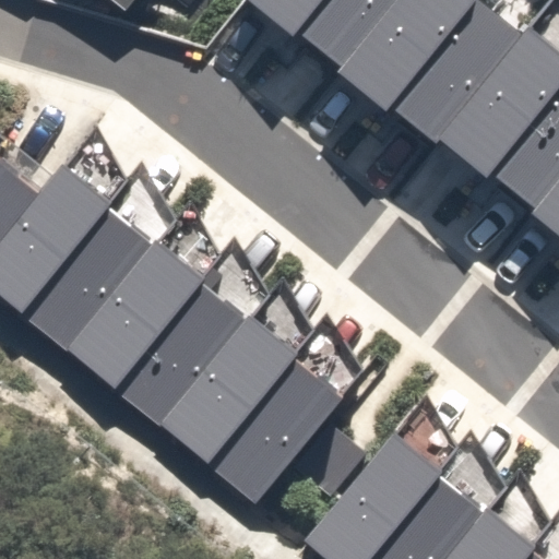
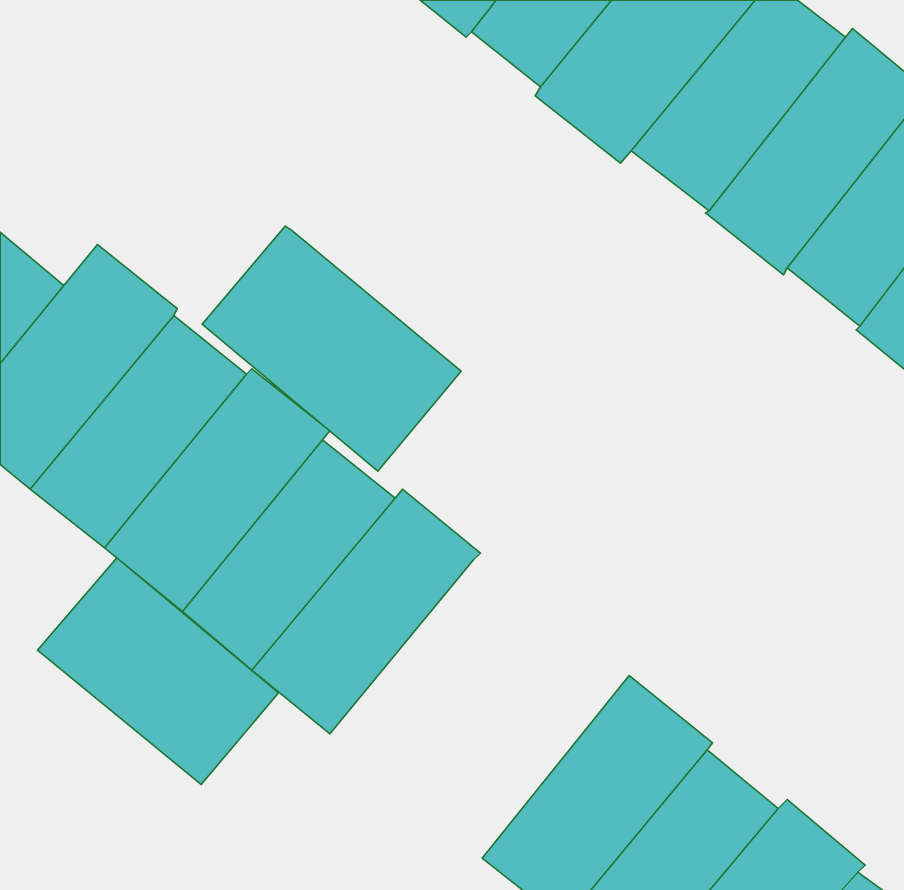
building: none -> [202,226,461,471]
building: none -> [38,558,278,785]
building: [204,355,341,503] -> none

